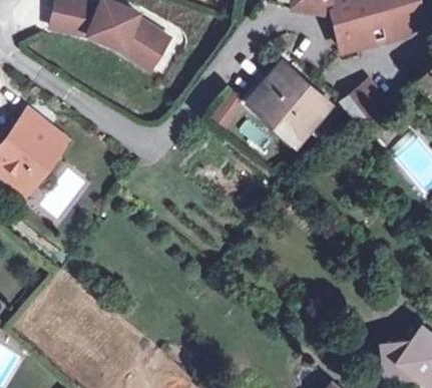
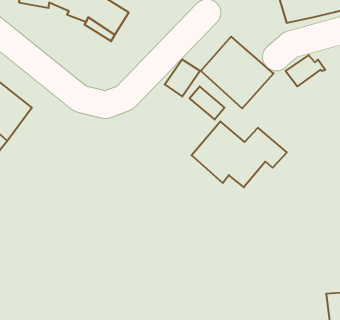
building: none -> [191,121,287,187]

